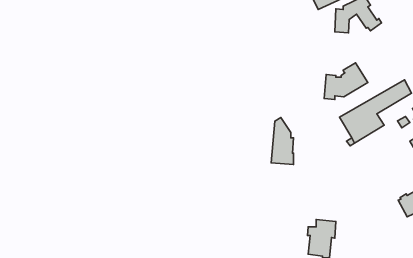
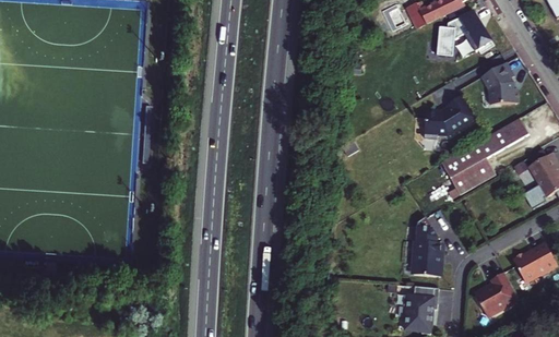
building: none -> [483,61,519,104]
building: [271,117,293,165] -> [413,217,440,275]
building: none -> [475,272,519,315]

